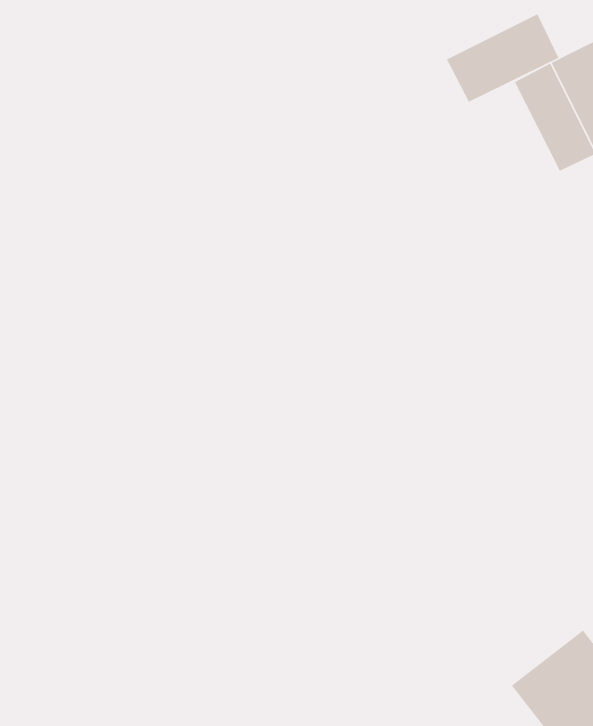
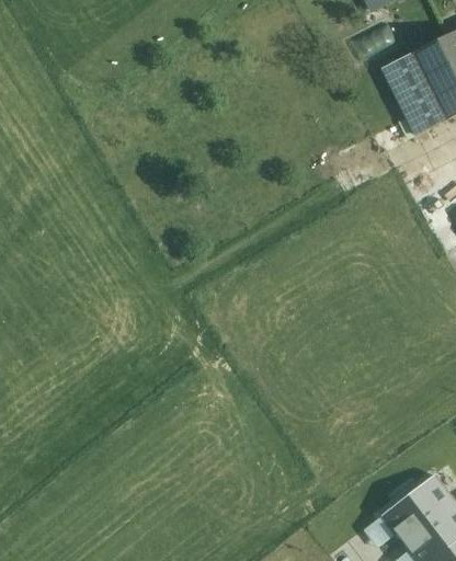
building: [446,13,559,103] -> none

